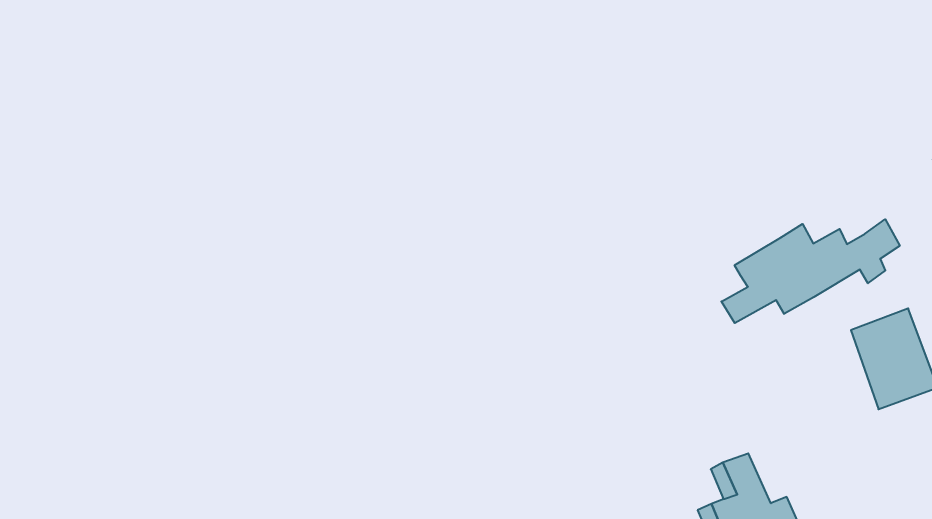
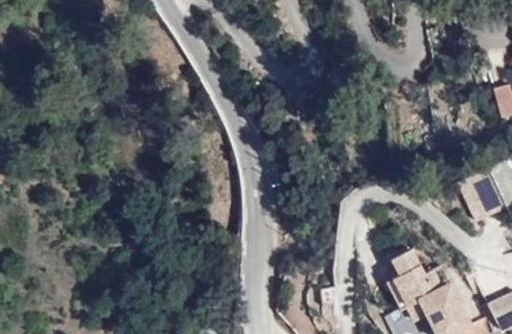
building: [721,219,900,323] -> none

